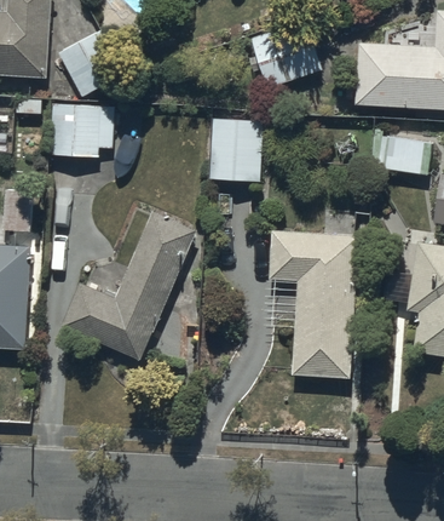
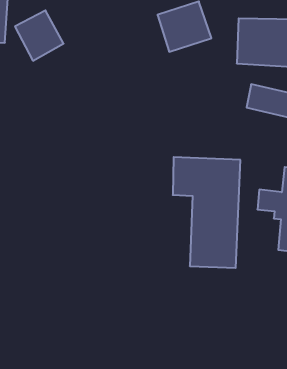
building: [50,104,113,156] -> none
building: [207,118,261,181] -> none
building: [59,212,197,361] -> none

